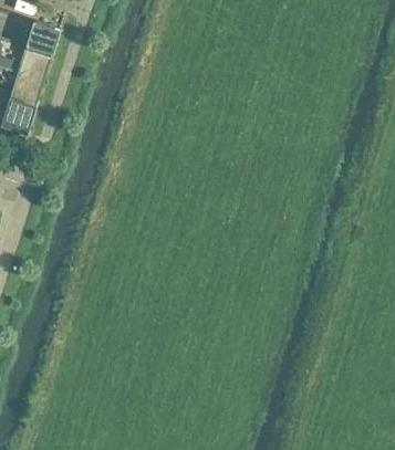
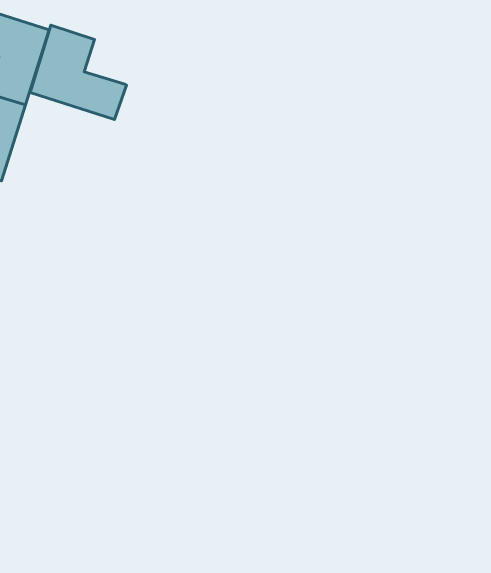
building: none -> [30,25,126,120]

